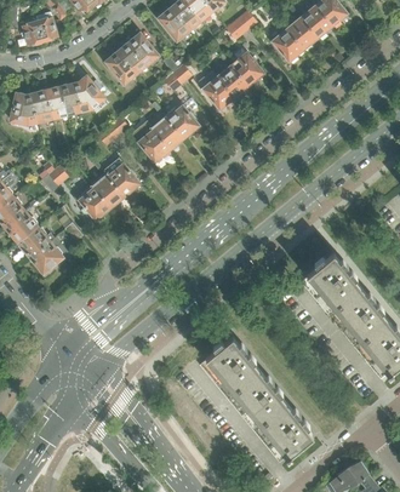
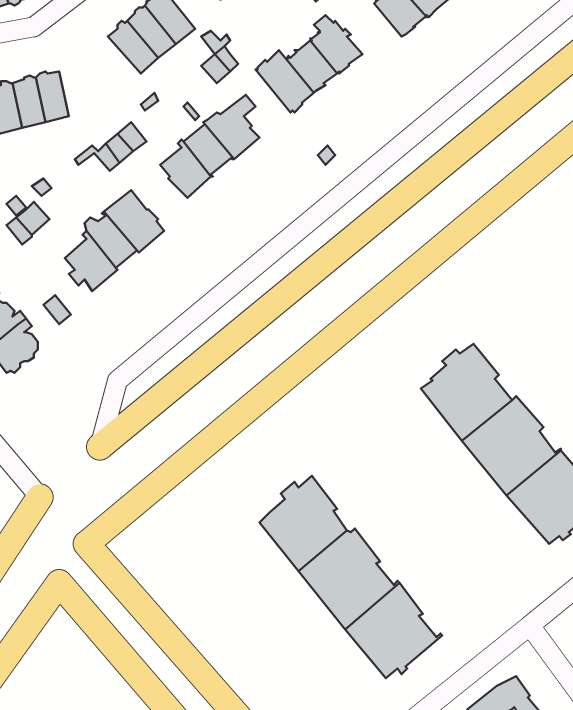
building: [75,76,105,111] -> none

